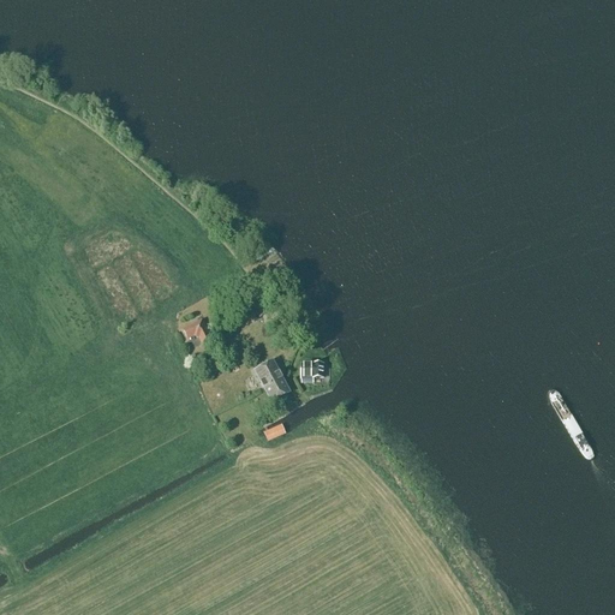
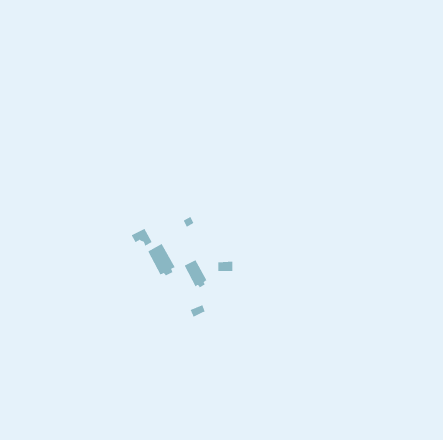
building: none -> [147,243,175,276]

